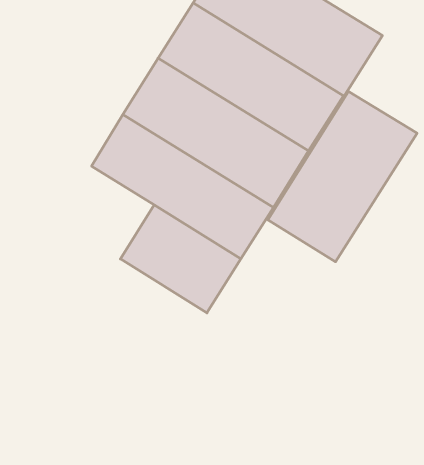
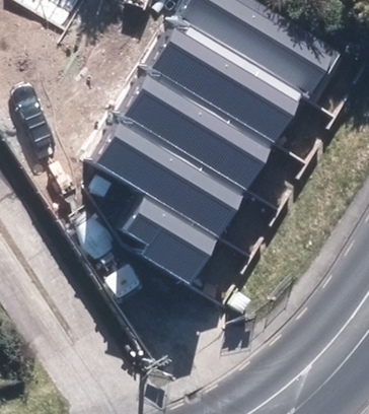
building: [268,91,417,262] -> none

